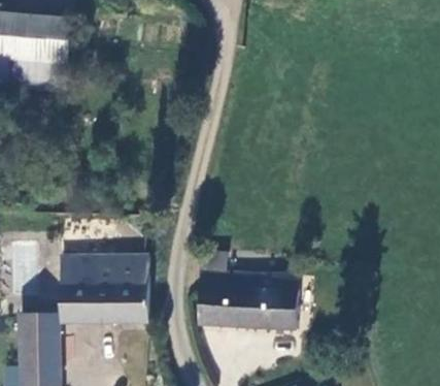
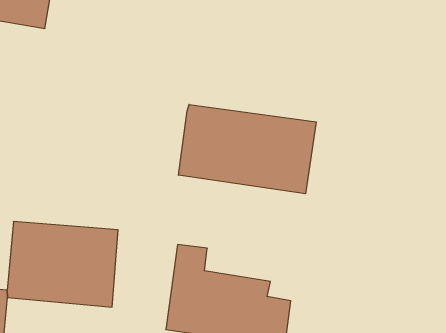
building: none -> [179,104,316,194]

